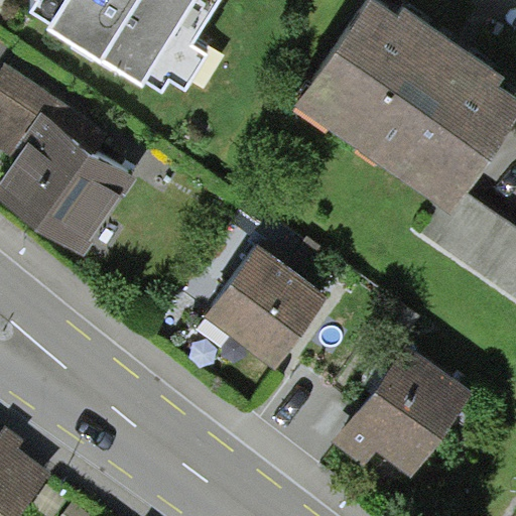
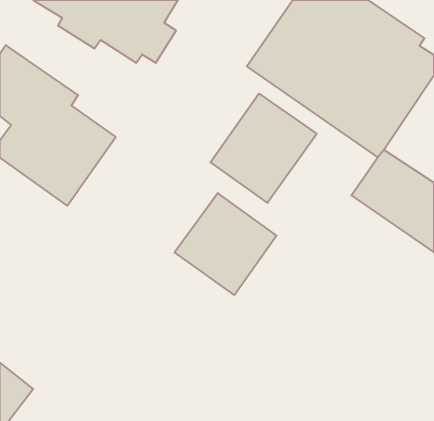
building: none -> [210,94,317,203]
building: [329,341,473,475] -> none

